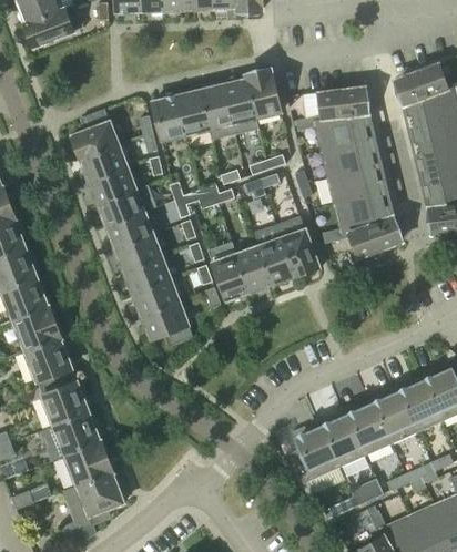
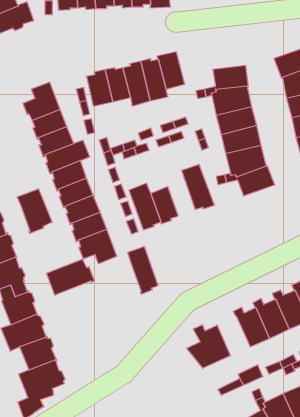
building: [254,224,294,286] -> [128,247,158,294]
building: none -> [17,189,52,233]
building: none -> [47,259,94,295]
building: [318,415,366,466] -> none

